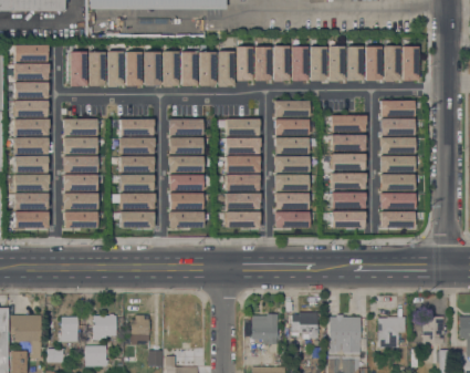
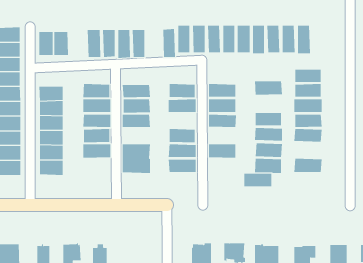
building: [400,45,417,80] -> none
building: [106,50,123,85] -> none
building: [198,51,215,85] -> none
building: [273,100,307,116] -> none
building: [331,133,364,149] -> none
building: [224,154,259,172] -> none
building: [273,173,307,190] -> none
building: [168,174,202,190] -> none
building: [378,191,414,208] -> none
building: [118,209,154,228] -> none
building: [273,210,309,227] -> [244,173,272,187]

